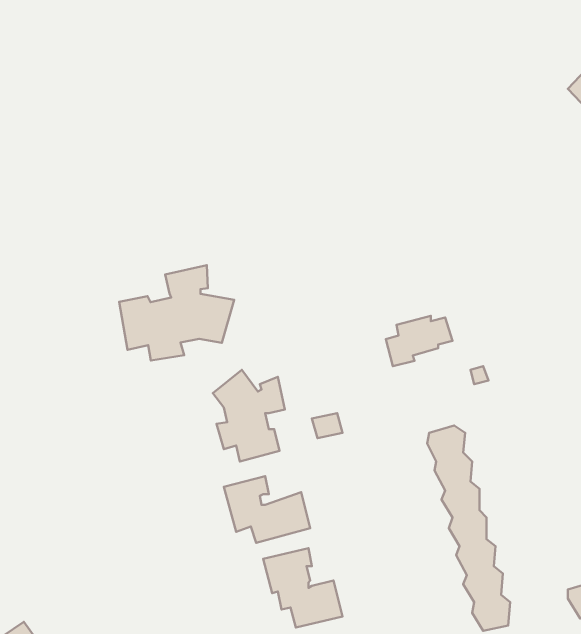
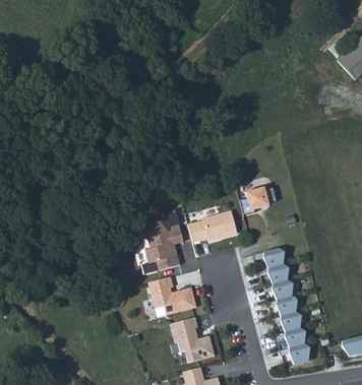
building: [119,265,234,361] -> none
building: none -> [187,211,237,243]

